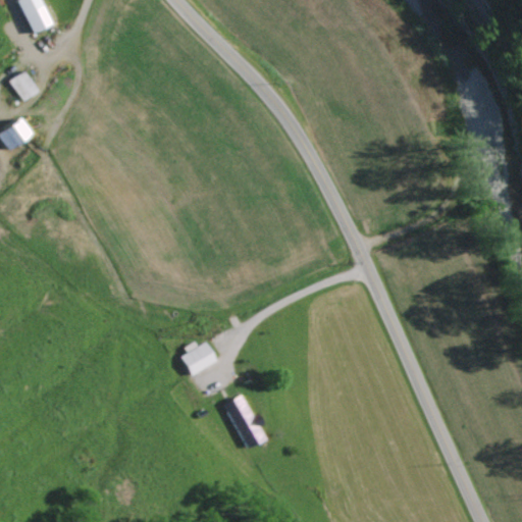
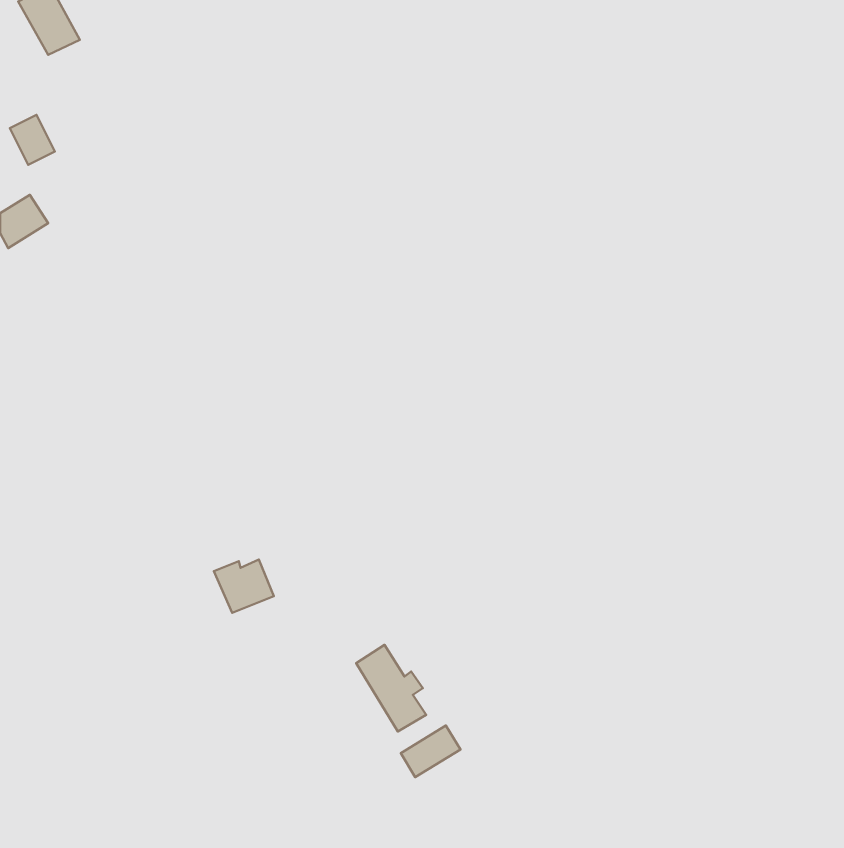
building: [180,341,217,373] -> [214,559,274,613]
building: none -> [401,726,460,777]

